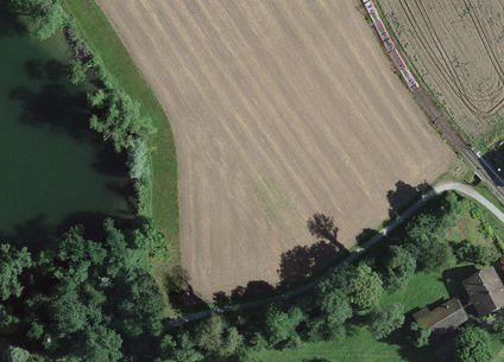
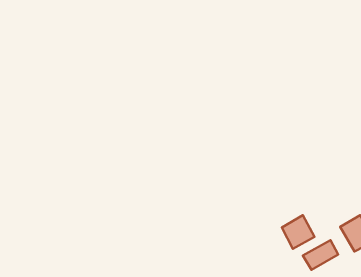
building: none -> [282,215,315,249]

